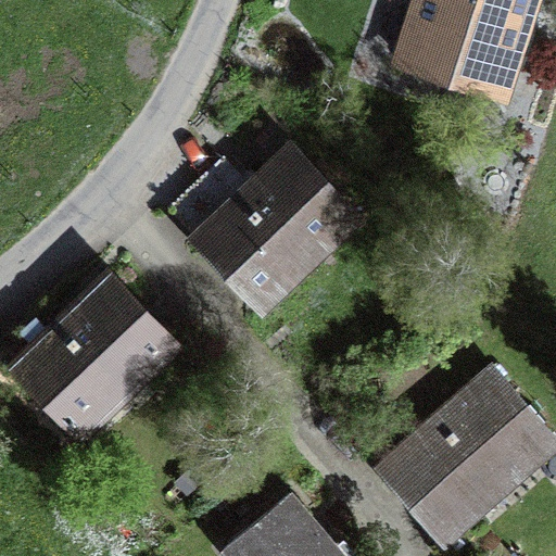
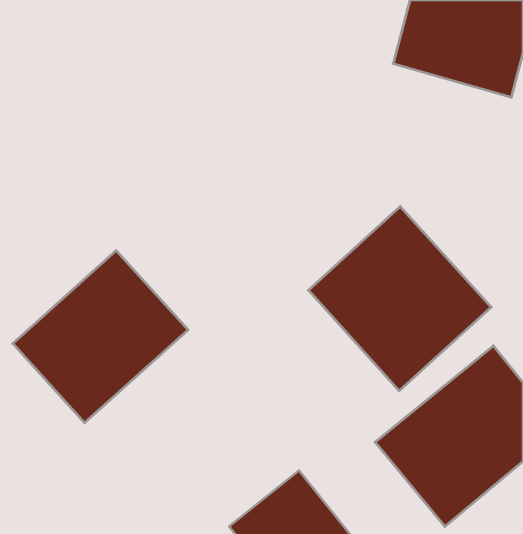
building: [200,137,380,315] -> none
building: none -> [308,206,491,391]

